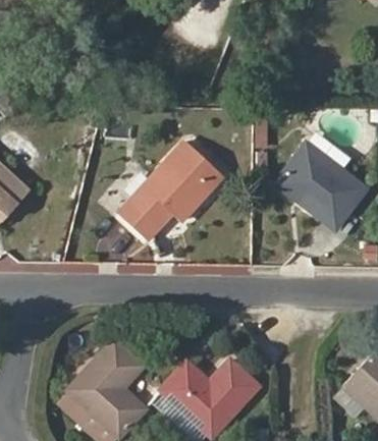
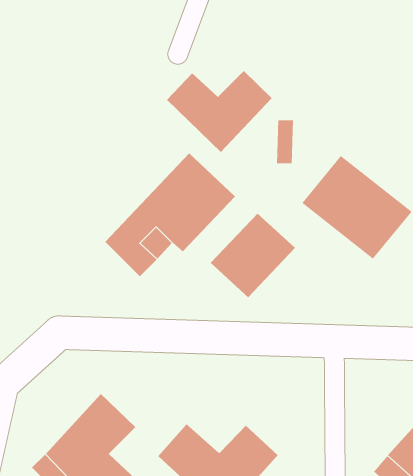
building: none -> [166,70,272,153]
building: none -> [210,213,296,298]

